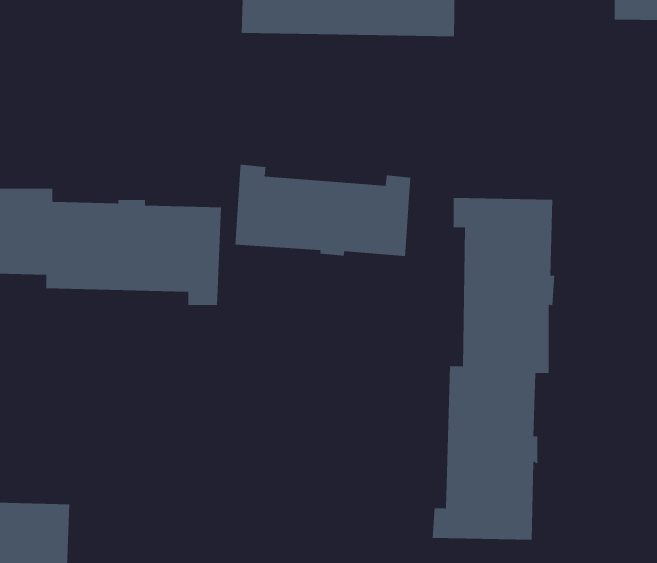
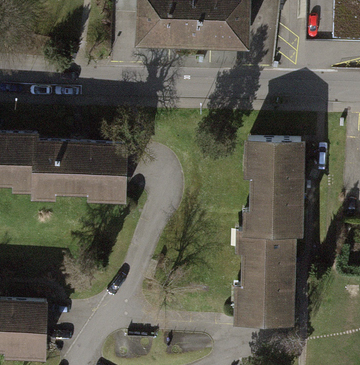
building: [235,164,411,257] -> none

